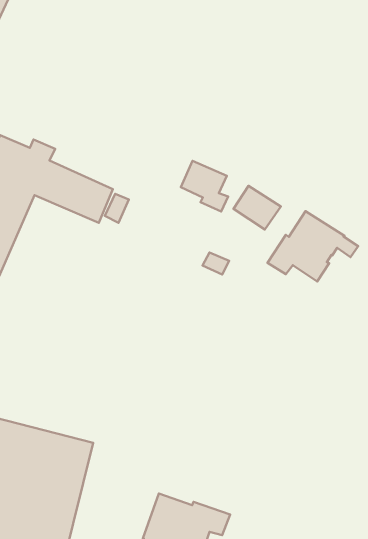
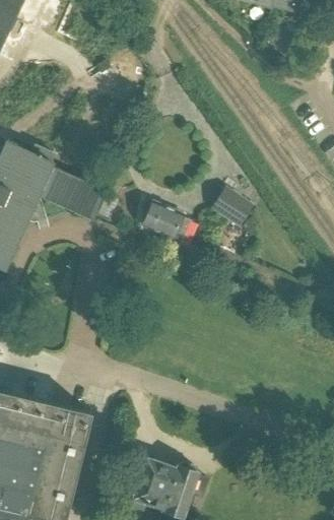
building: [181,161,228,211] -> [142,202,184,247]
building: [268,211,358,281] -> none

